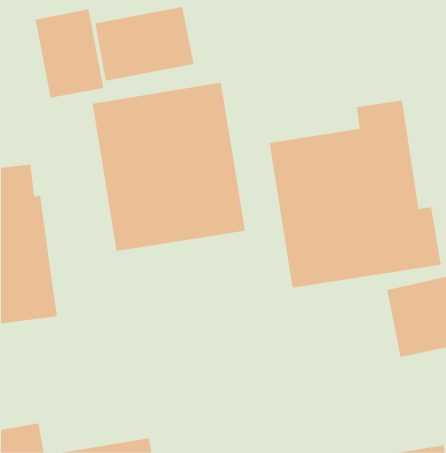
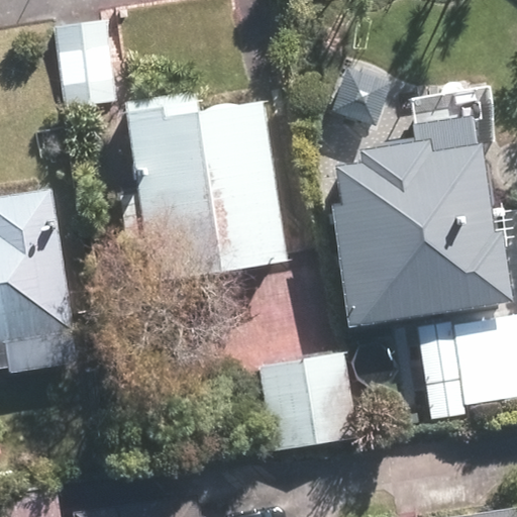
building: [95,6,194,81] -> none
building: none -> [263,351,365,452]

